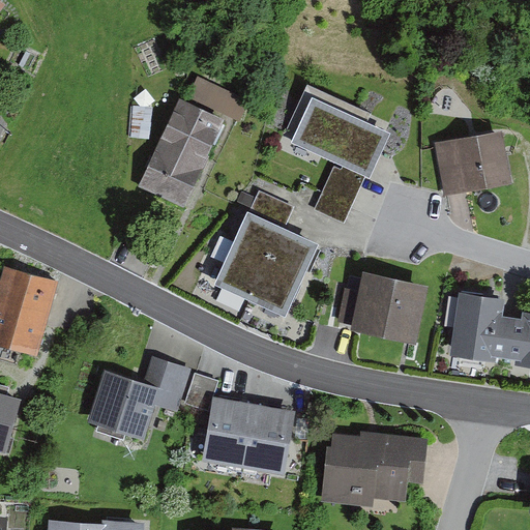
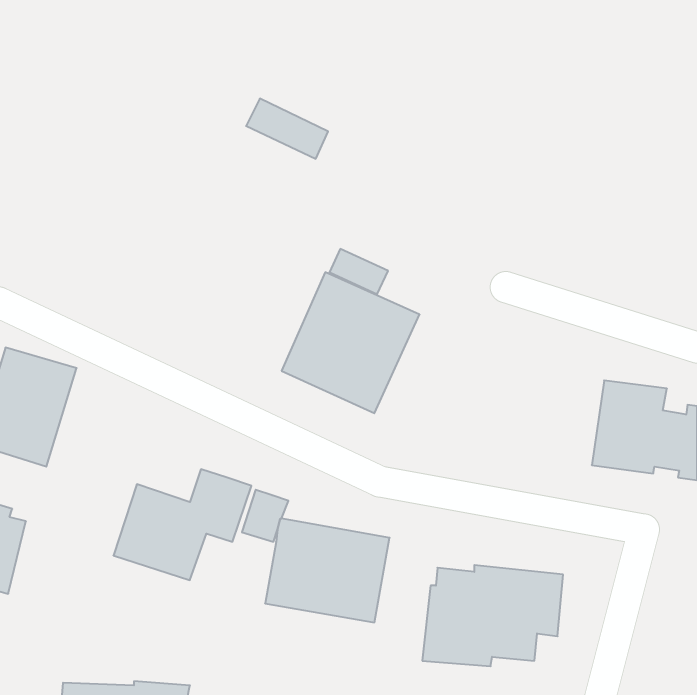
building: [282,84,390,225] -> none
building: [137,99,225,210] -> none
building: [433,130,511,198] -> none
building: [337,270,428,343] -> none

